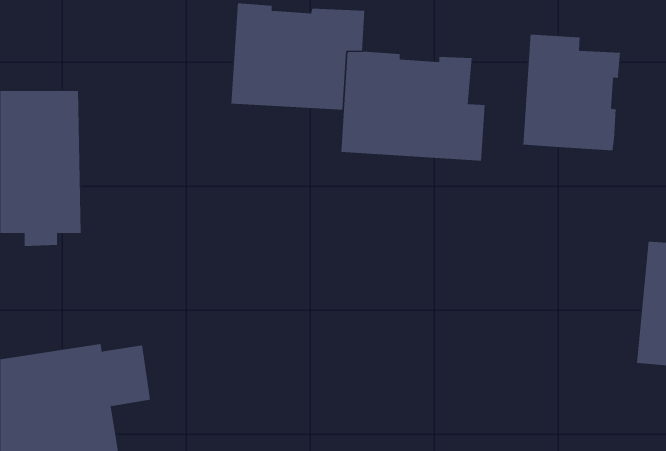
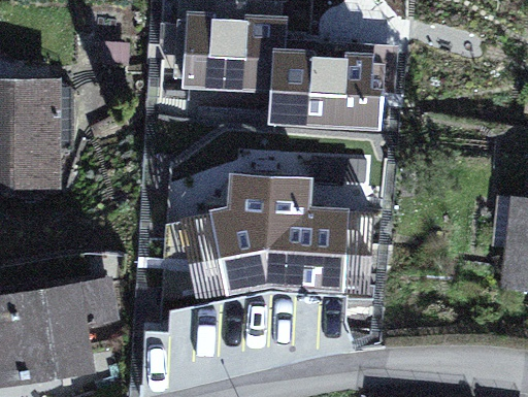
building: [523,34,621,151] -> none
building: none -> [210,171,350,296]

